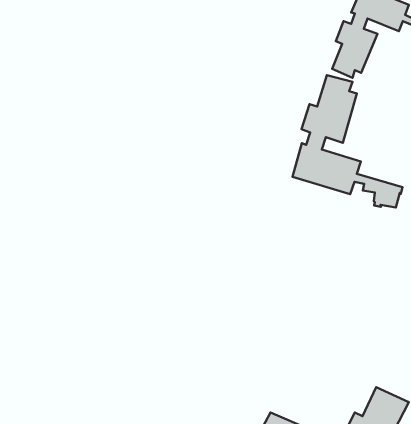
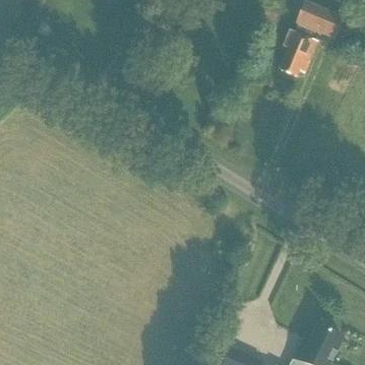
building: [292,75,402,207] -> none

